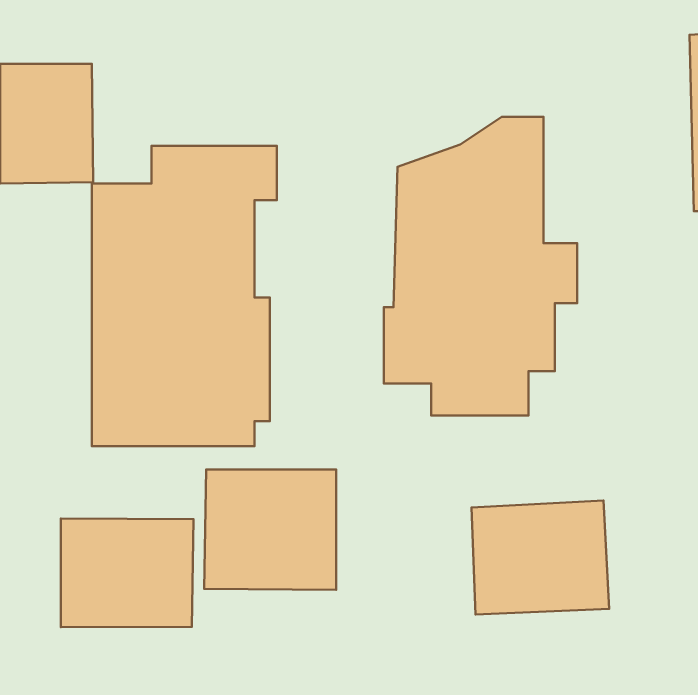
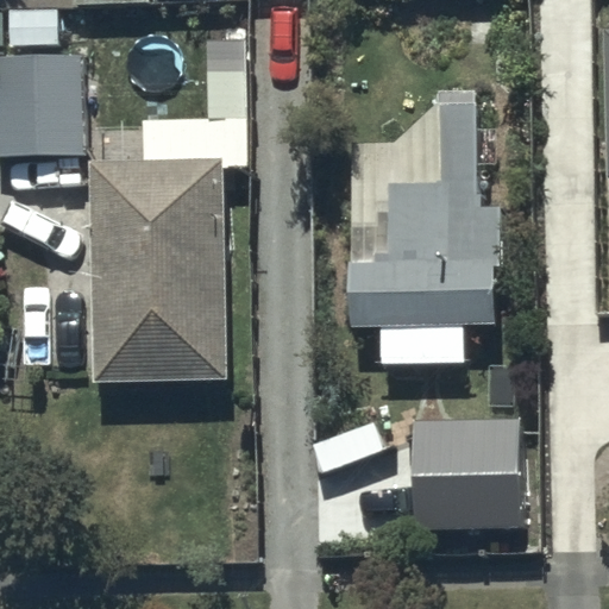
building: [204,469,336,590] -> none
building: [61,518,194,627] -> none

